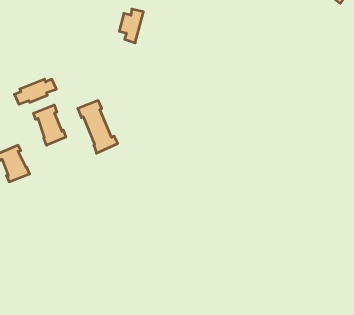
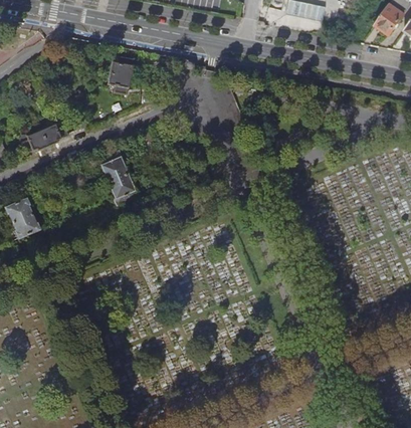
building: [119,9,143,43] -> [105,55,132,93]
building: [34,105,66,145] -> none

